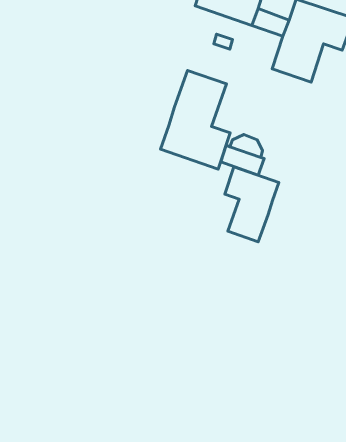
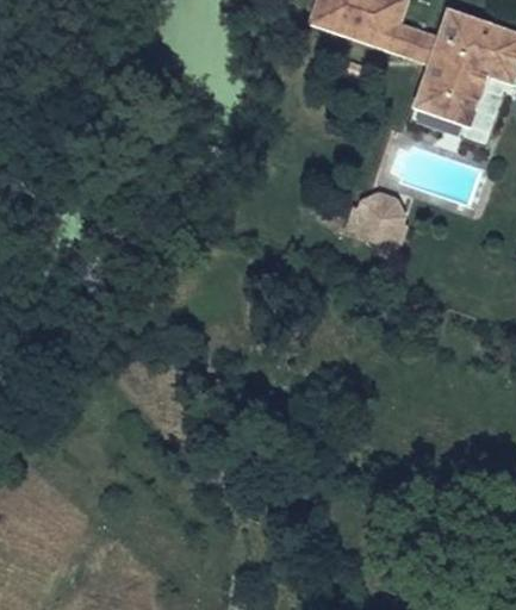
building: [161,70,230,169] -> none
building: [225,167,279,242] -> none

